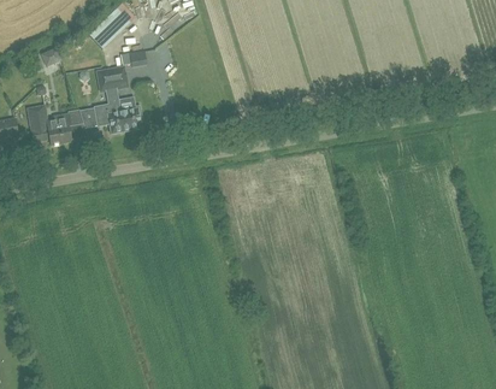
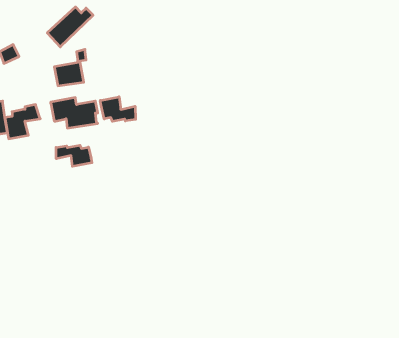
building: none -> [100,97,136,121]
building: none -> [56,145,92,166]

